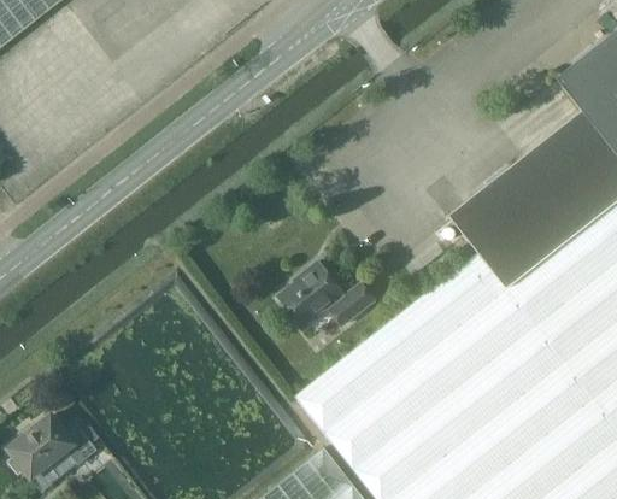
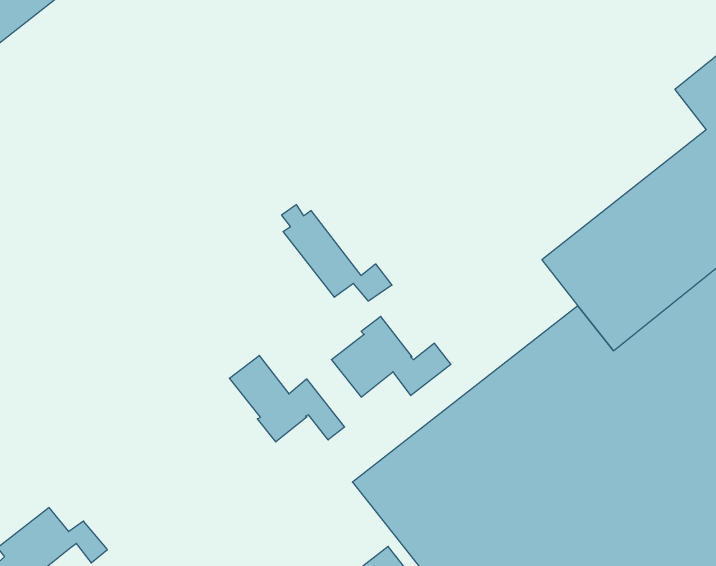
building: none -> [282,205,392,301]
building: none -> [229,355,345,442]

